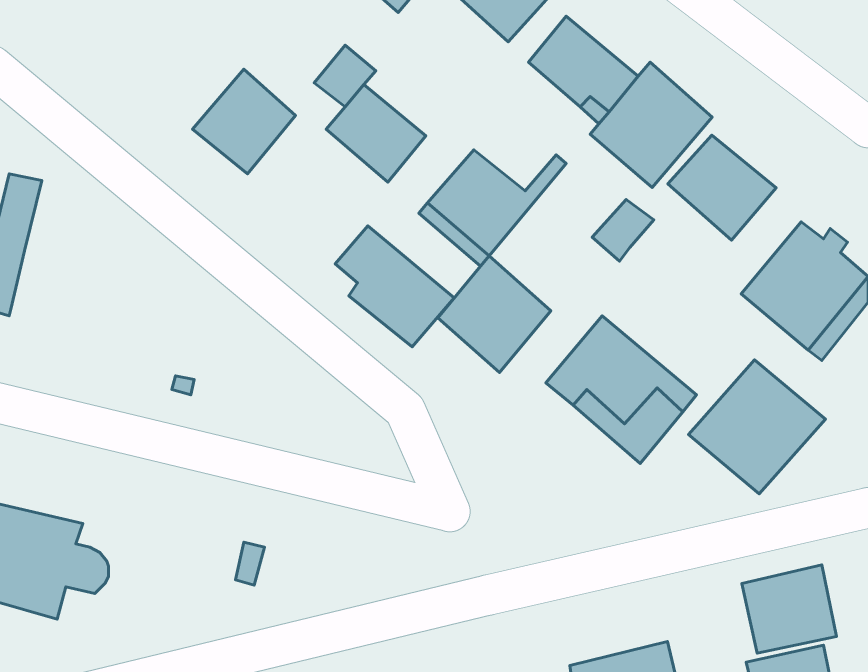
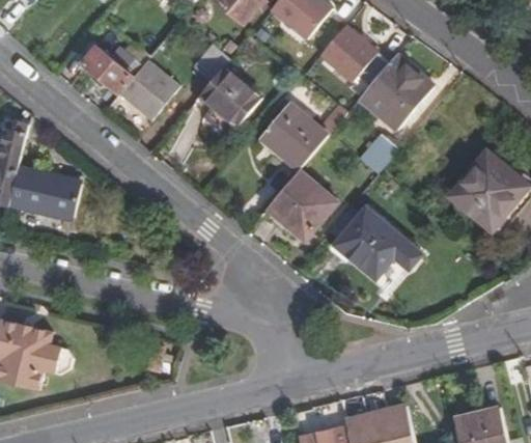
building: none -> [83,45,130,90]
building: [668,135,776,240] -> none
building: [335,226,454,347] -> none
building: none -> [7,167,79,218]
building: [688,360,826,494] -> none
building: [742,565,836,653] -> none

